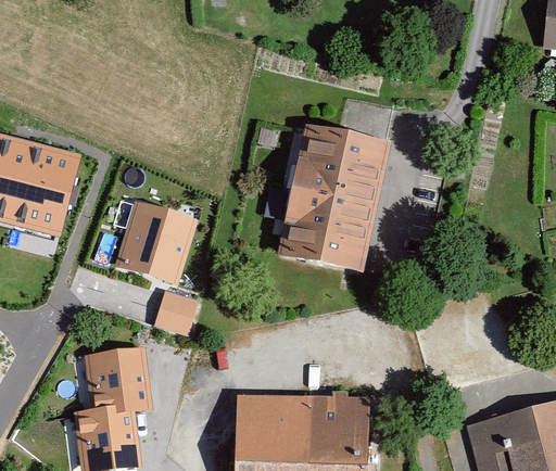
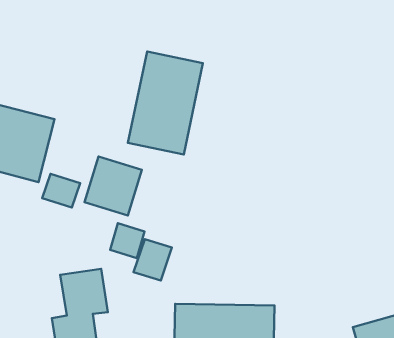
building: [285,126,382,260] -> [128,51,203,155]
building: none -> [42,174,80,207]
building: none -> [134,239,172,281]

